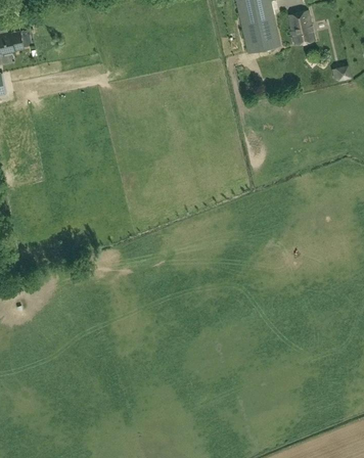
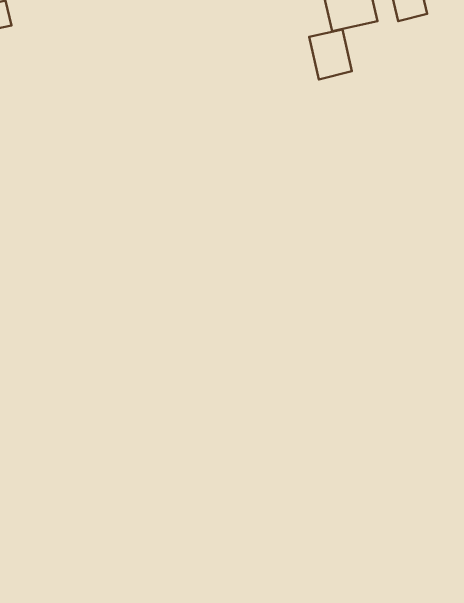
building: none -> [309,30,352,80]

